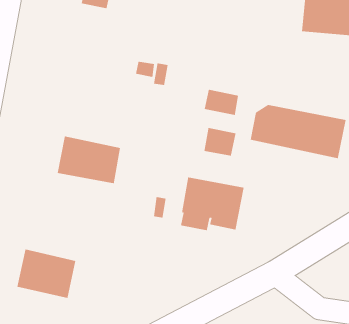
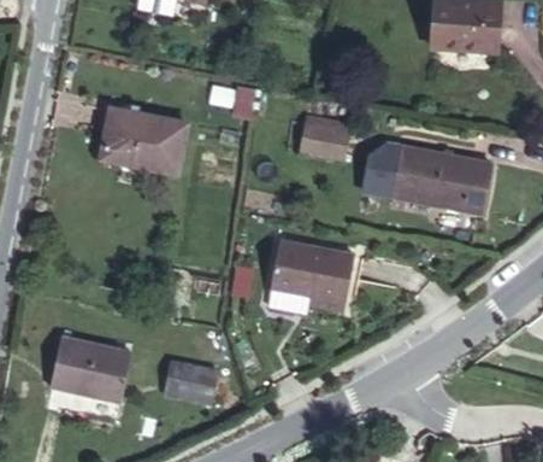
building: [204,127,236,157] -> none
building: [57,136,121,184] -> [100,107,185,171]
building: none -> [165,359,216,402]

